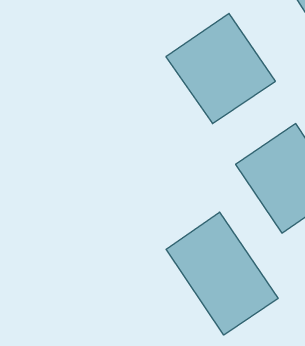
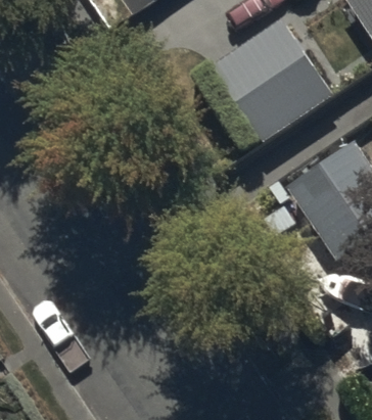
building: [166,212,278,335] -> none

